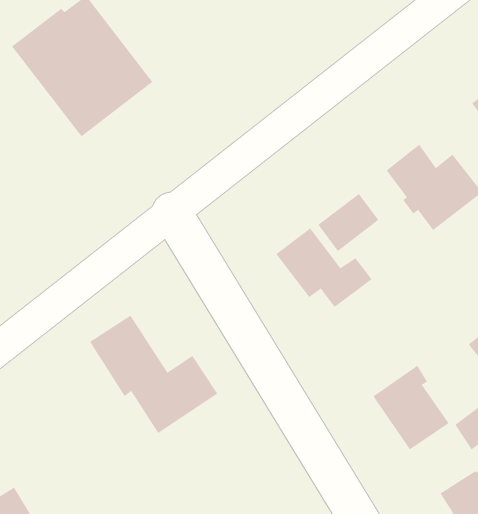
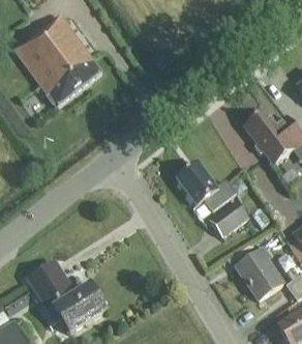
building: [317,193,379,252] -> [210,200,248,236]
building: [89,315,218,434] -> [27,260,107,334]

